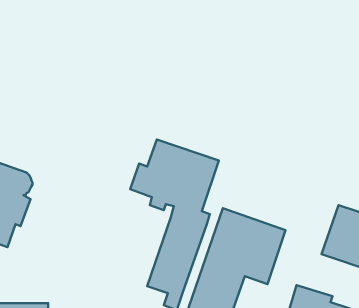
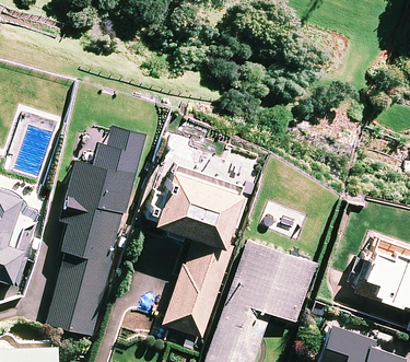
building: none -> [47,139,140,336]

